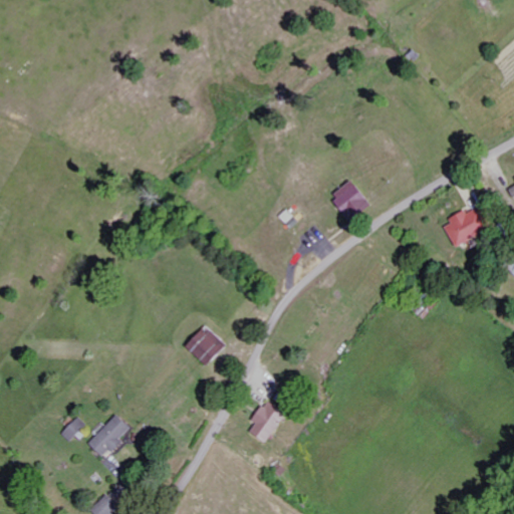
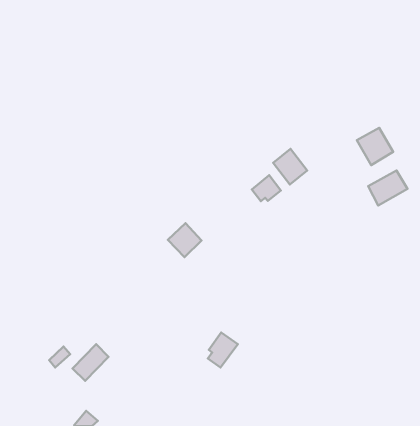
building: none -> [357,128,393,165]
building: none -> [252,175,281,201]
building: [184,325,224,366] -> [168,223,201,257]

